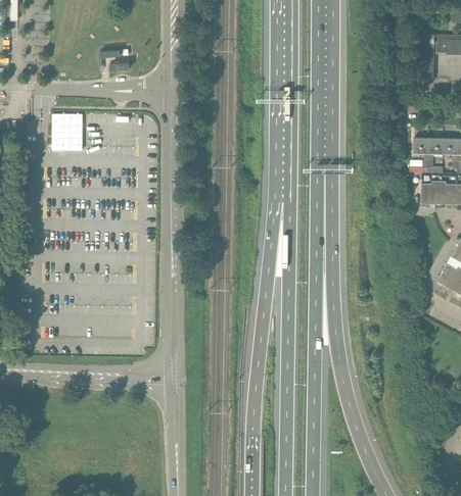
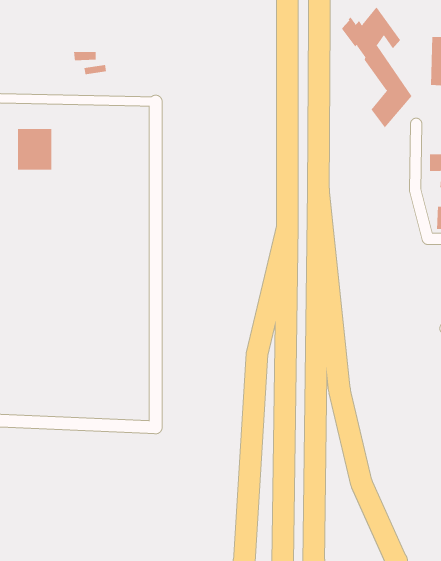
building: none -> [341,7,412,128]

